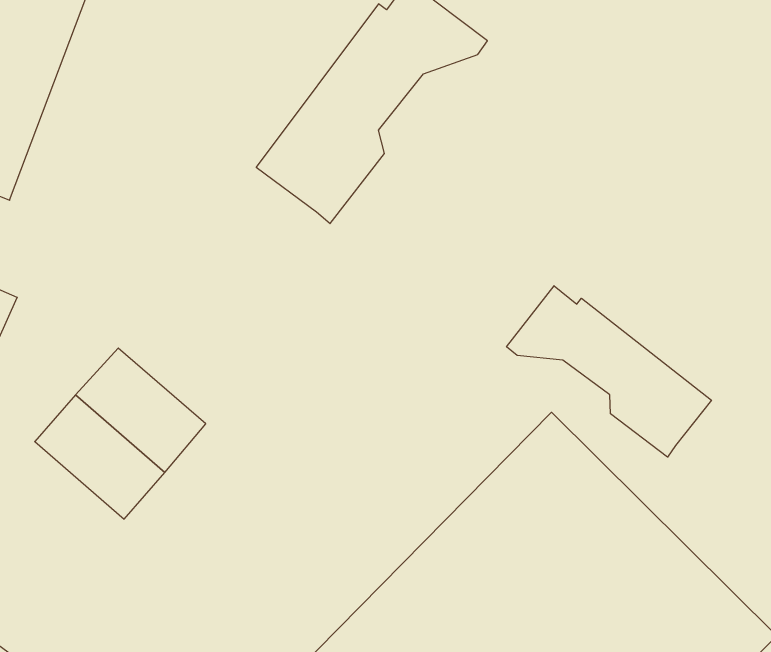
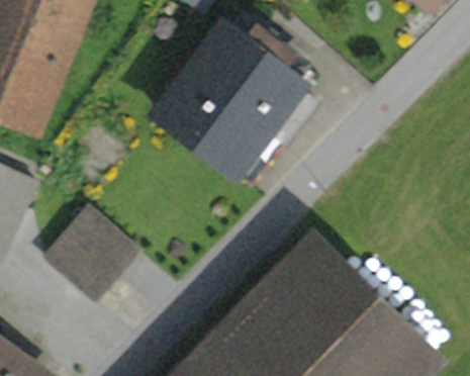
building: none -> [192,42,307,176]
building: [507,286,711,457] -> none

